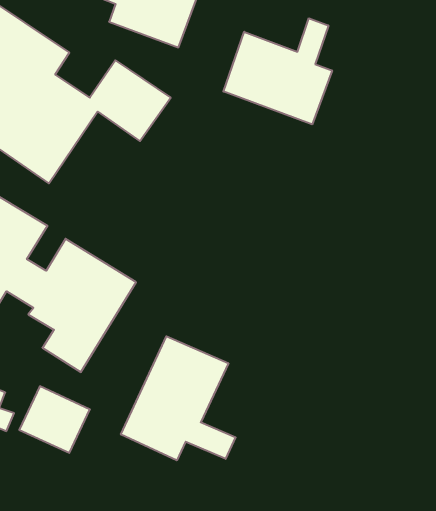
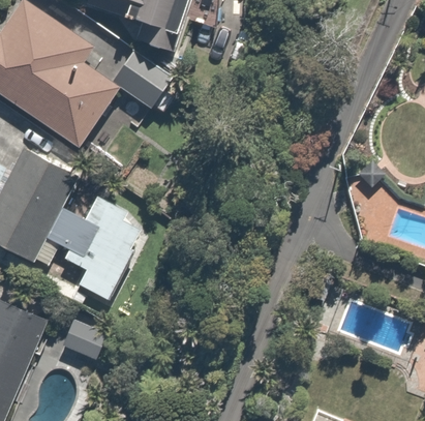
building: [223,18,332,124] -> none
building: [121,336,236,460] -> none

